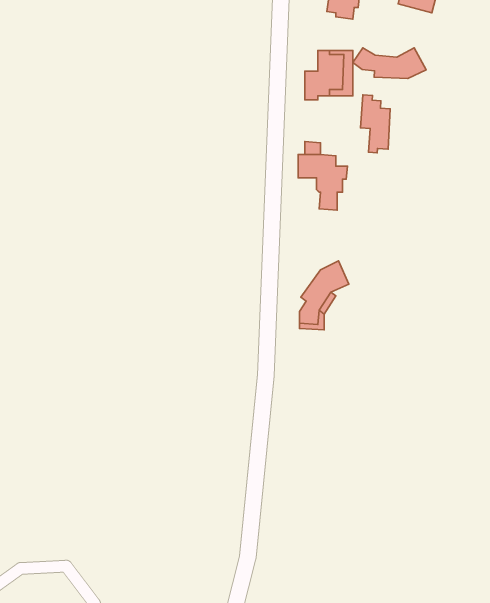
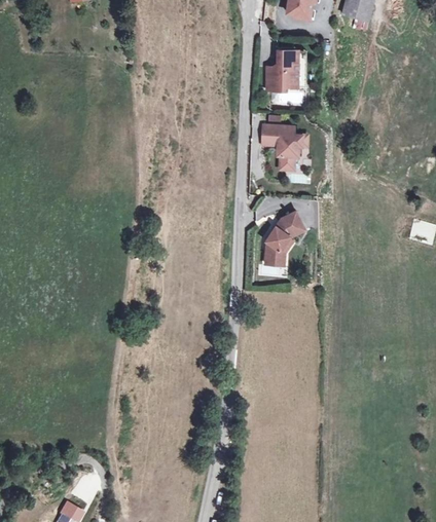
building: [353,48,426,78] -> none
building: [360,95,390,153] -> none

